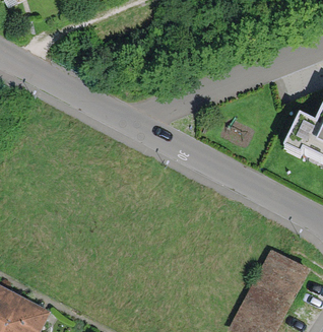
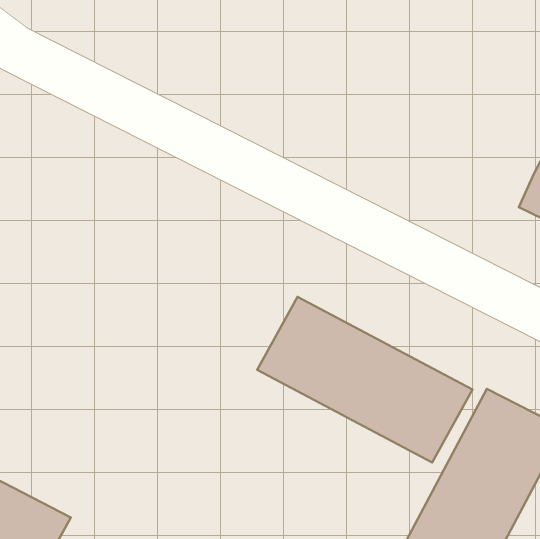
building: none -> [257,297,472,463]

